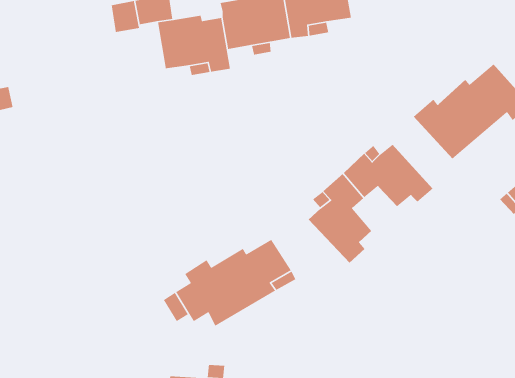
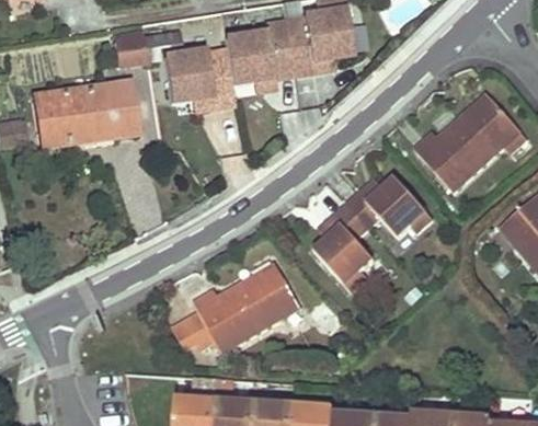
building: none -> [37,82,138,146]

